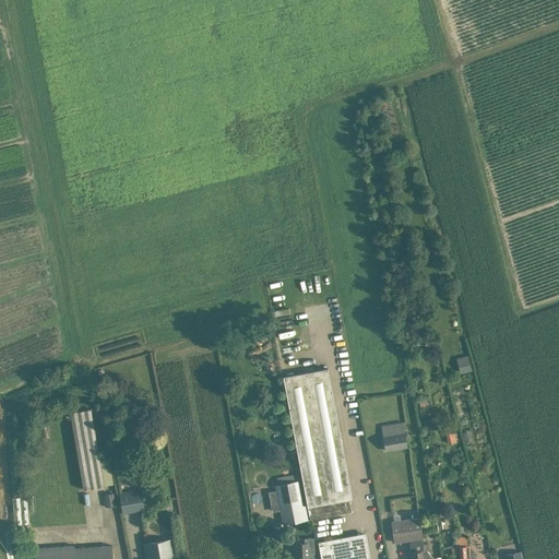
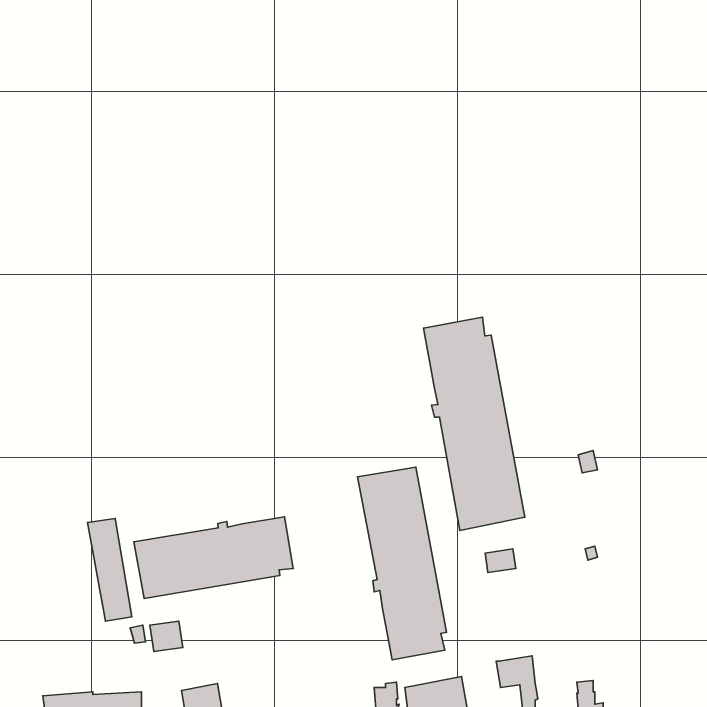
building: none -> [423,317,525,530]
building: none -> [134,517,293,599]
building: [267,481,305,525] -> none

